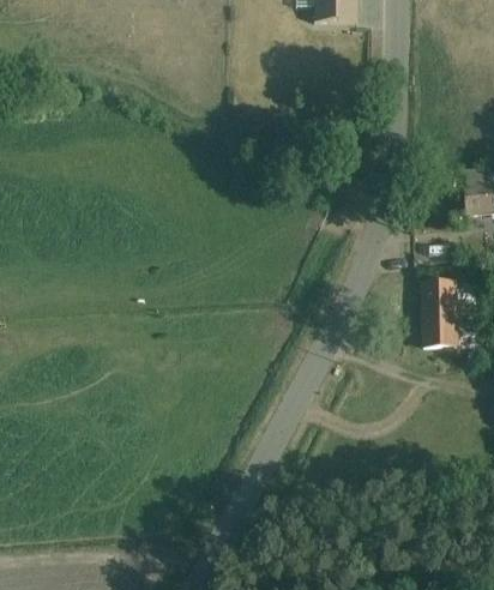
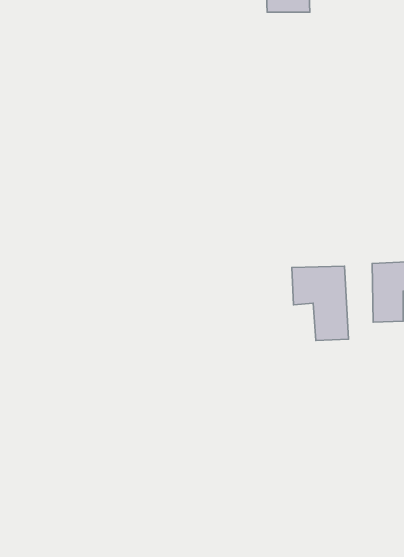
building: none -> [292,266,348,341]

